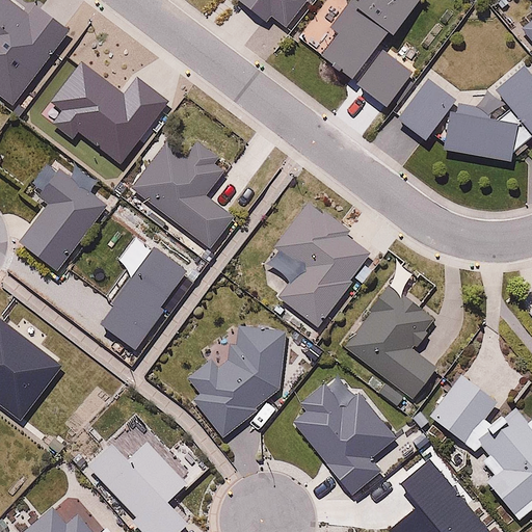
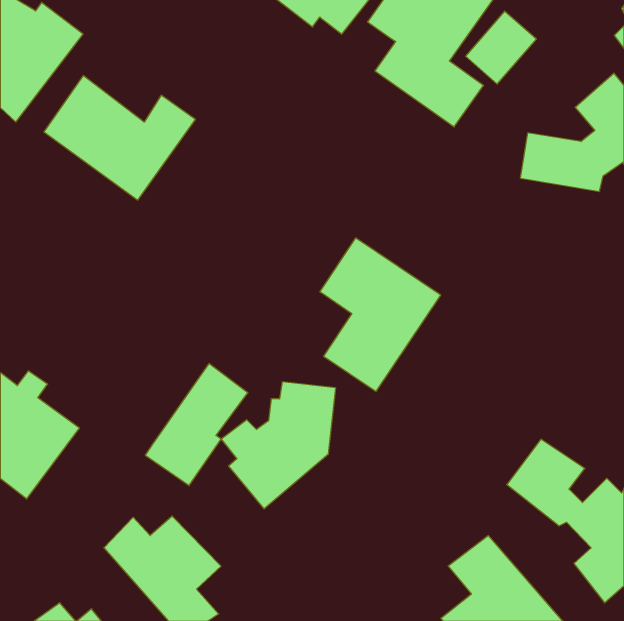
building: [396,79,456,141] -> [466,11,536,84]
building: [132,137,236,247] -> none
building: [21,166,108,270] -> none
building: [100,244,187,348] -> [145,364,248,486]
building: [342,282,440,405] -> none
building: [294,382,399,489] -> none

